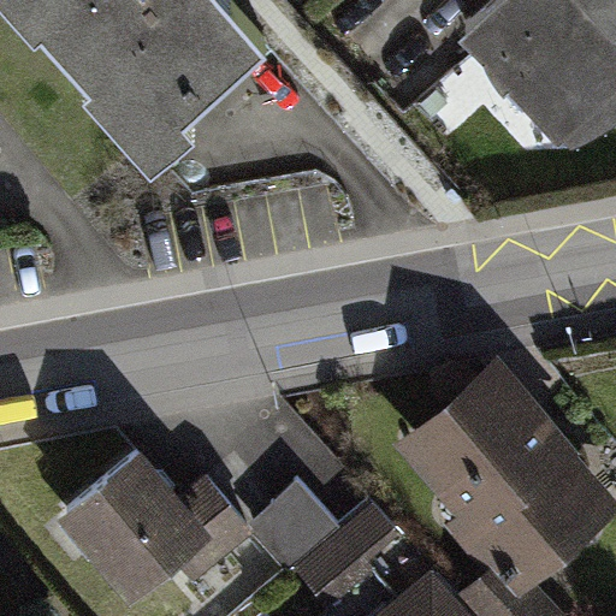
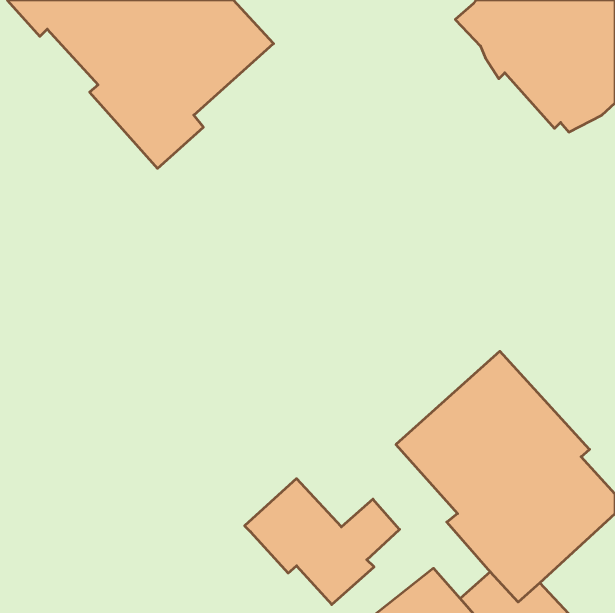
building: [55,454,249,605] -> none

